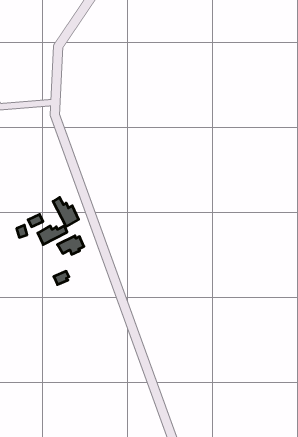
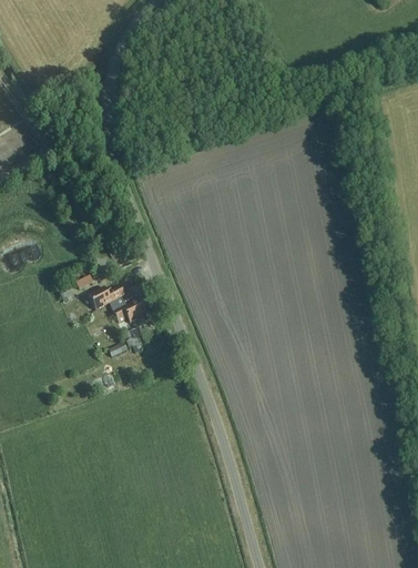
building: [53,197,79,227] -> none

